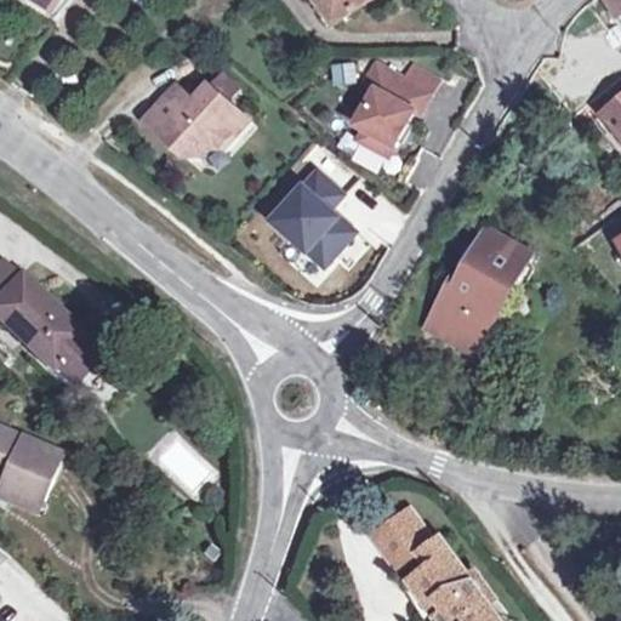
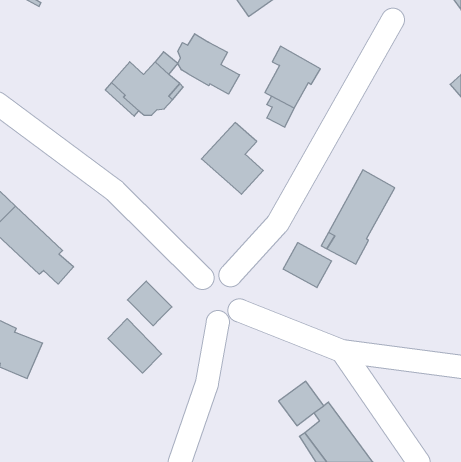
building: none -> [178,34,240,94]
building: none -> [283,243,332,288]
building: none -> [127,281,172,326]

